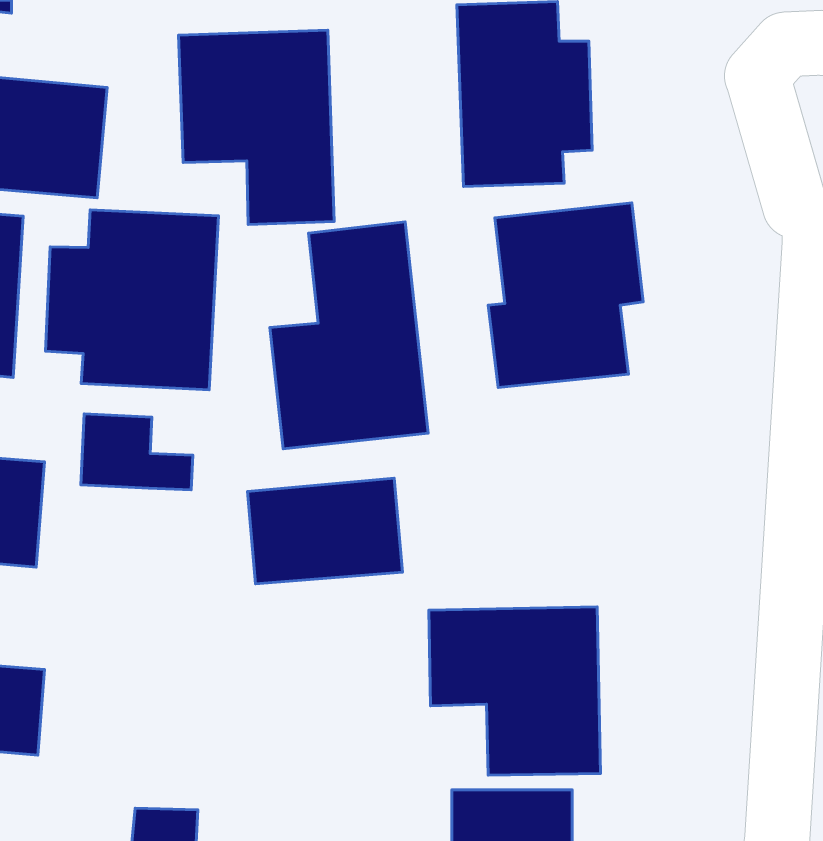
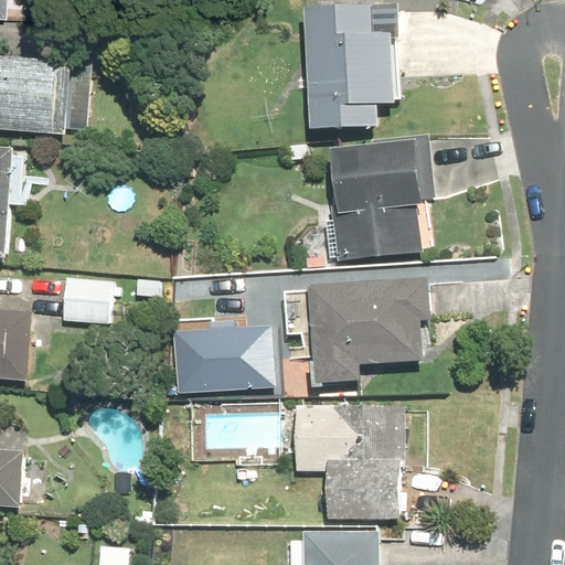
building: [178,30,334,224] -> none
building: [45,210,219,390] -> none
building: [270,222,428,449] -> none
building: none -> [309,278,431,383]

